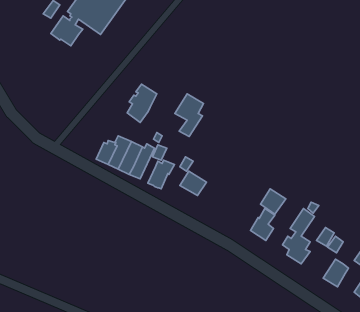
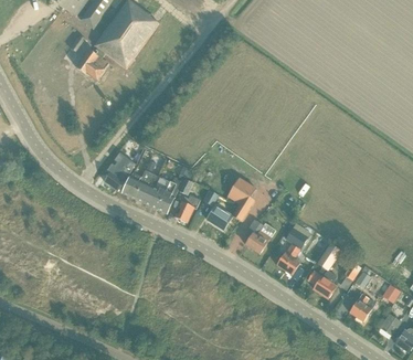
building: [127,84,157,123] -> [104,152,134,191]
building: [175,94,204,137] -> [226,178,255,221]
building: none -> [245,219,275,253]

